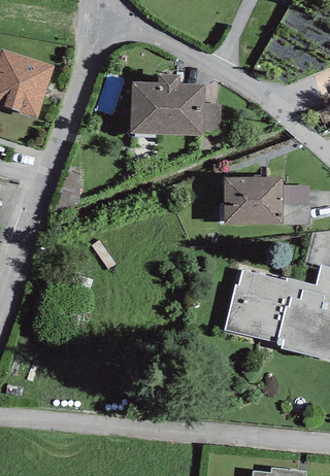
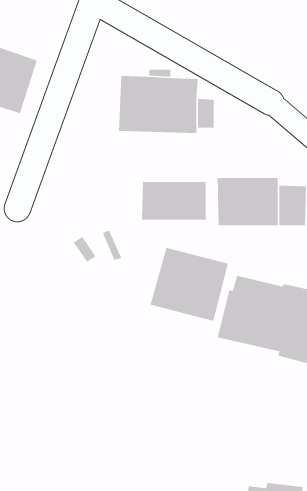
building: none -> [141,181,206,221]
building: none -> [150,247,229,322]

